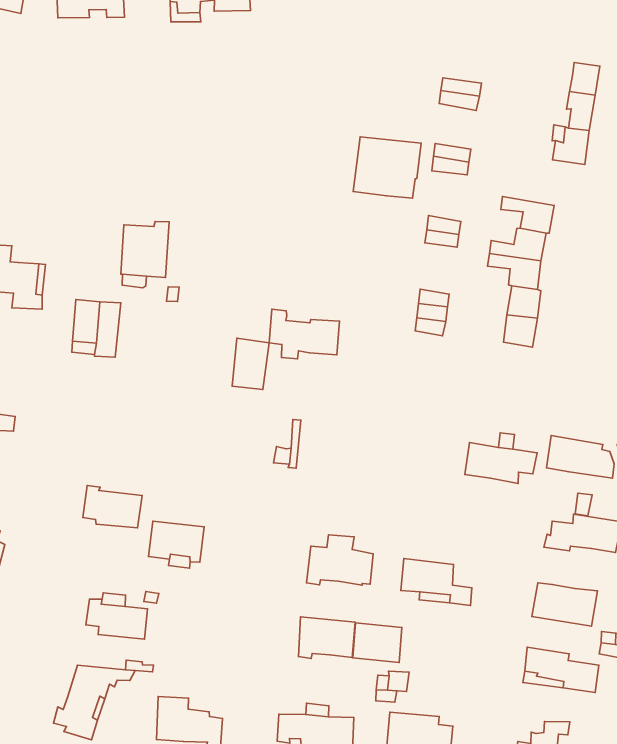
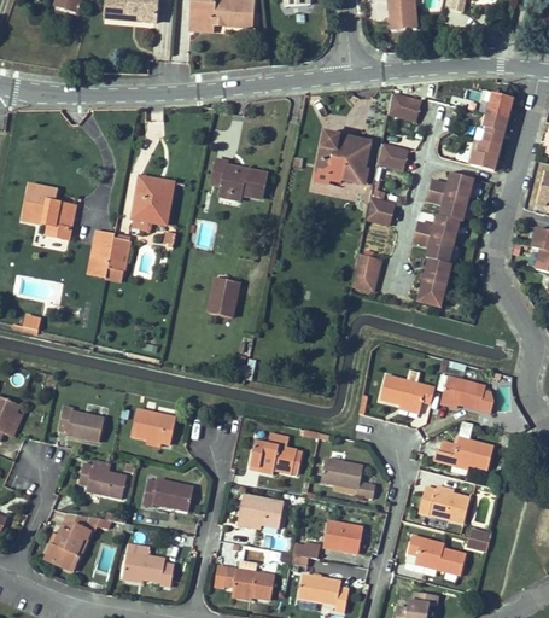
building: none -> [428,173,473,200]
building: [269,309,340,359] -> [210,158,265,198]
building: [83,485,142,528] -> [57,406,104,442]
building: none -> [142,479,193,507]
building: [353,623,402,663] -> [322,520,362,554]

